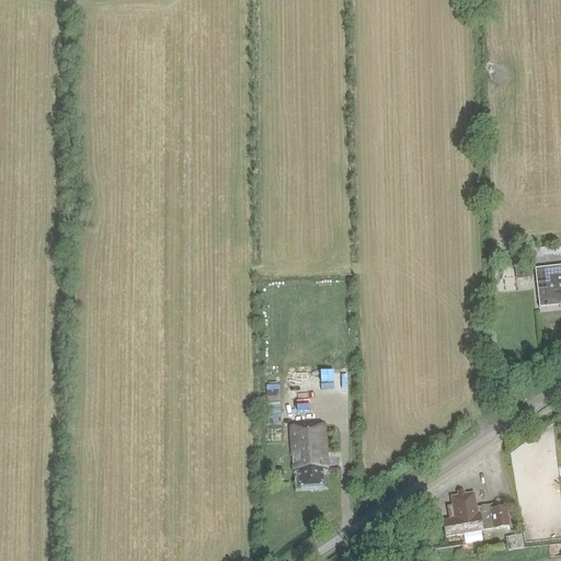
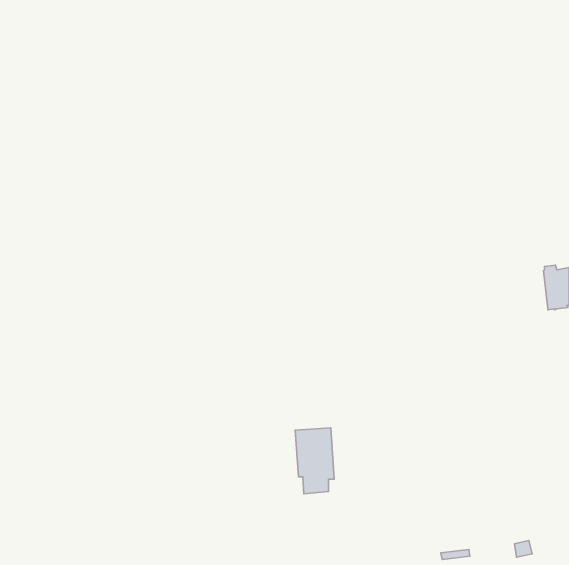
building: [443,488,508,535] -> none

